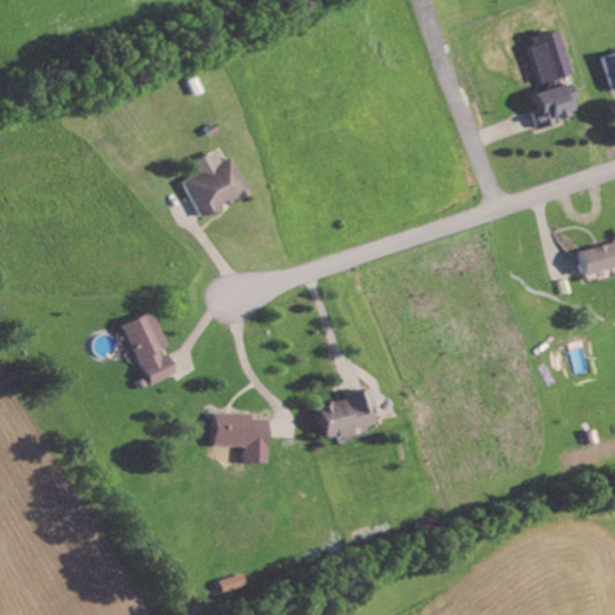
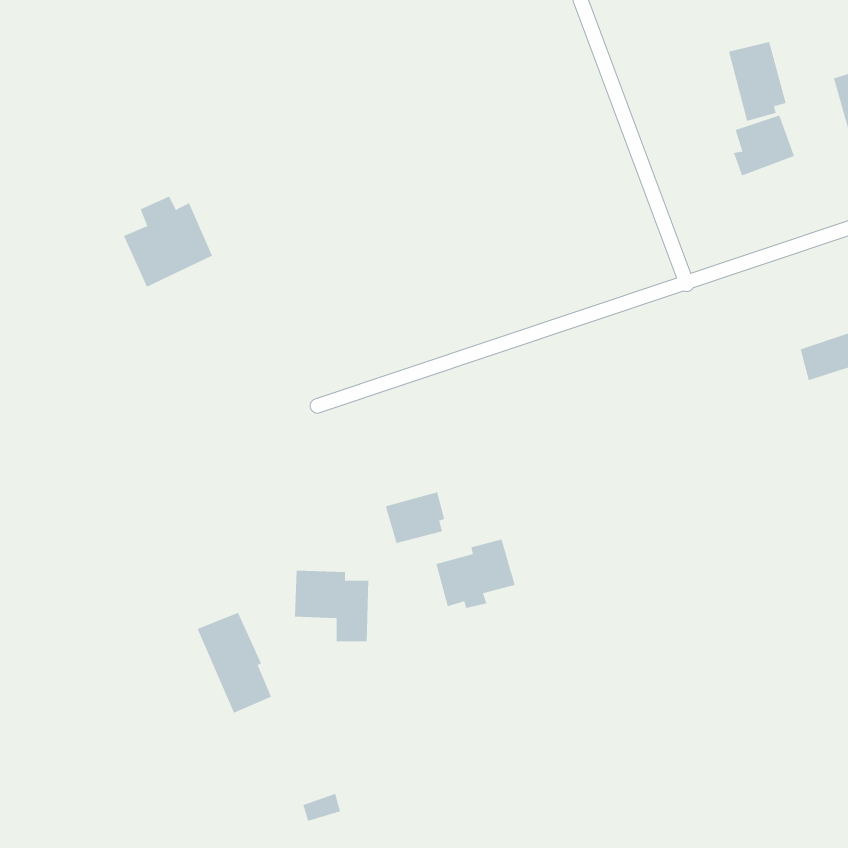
building: [184,151,249,217] -> [123,196,213,287]
building: [123,312,177,386] -> [197,612,272,714]
building: none -> [385,492,445,544]

